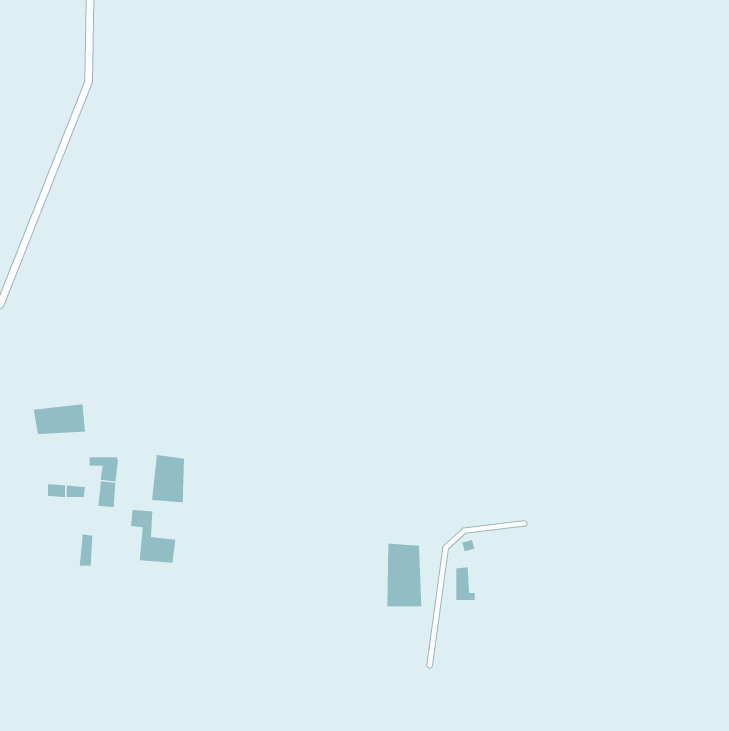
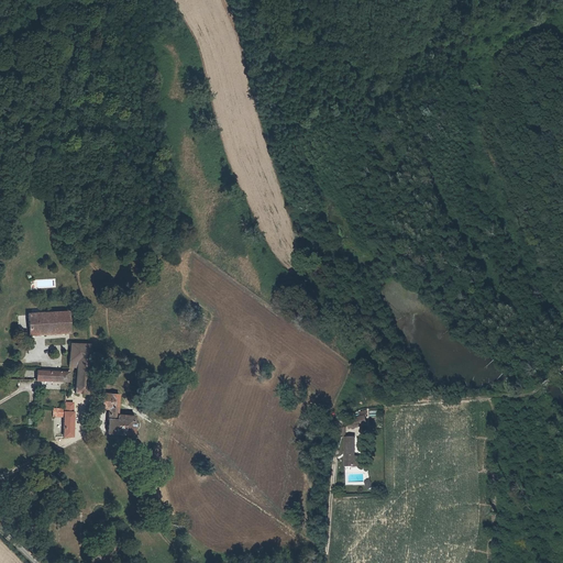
building: [151,454,185,503] -> none
building: [386,543,422,607] -> none

